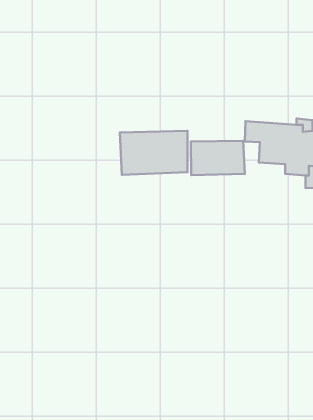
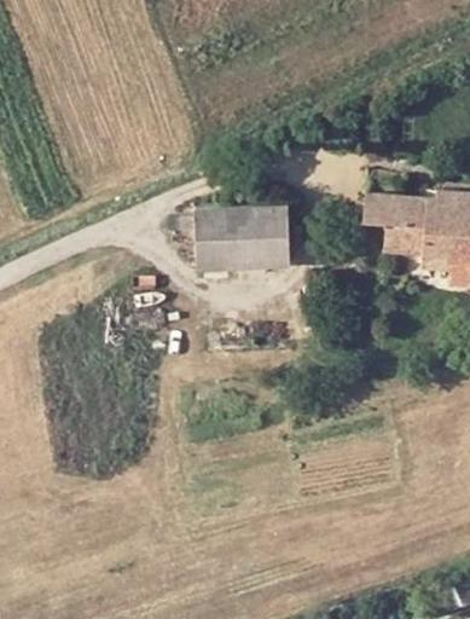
building: [191,141,245,175] -> none

